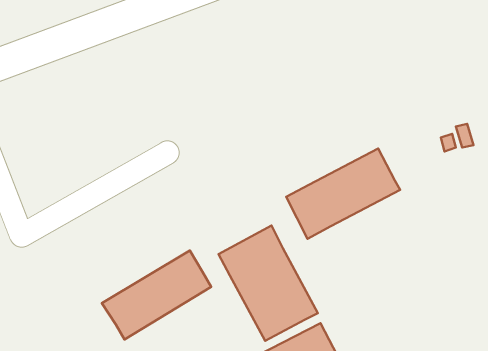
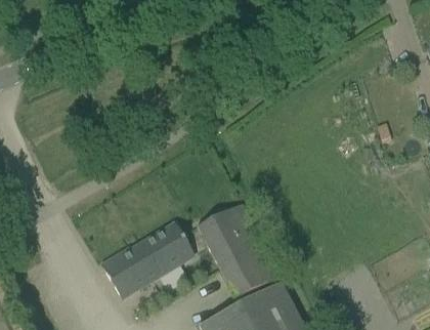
building: [286,149,400,239] -> none

